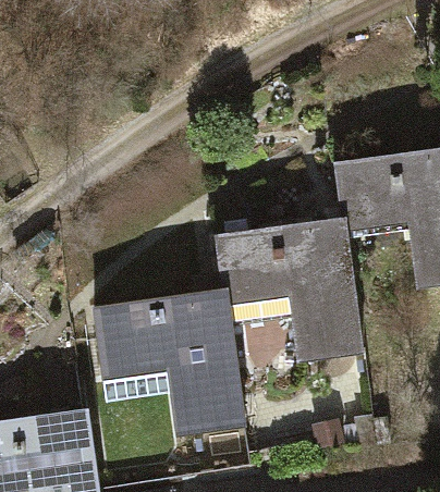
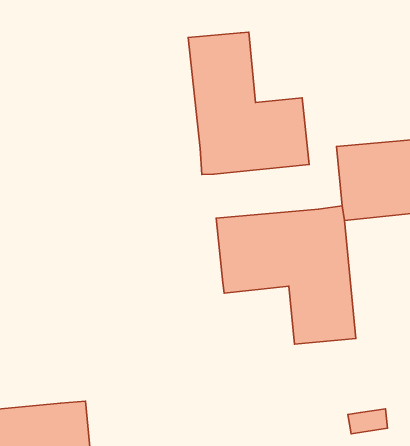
building: none -> [188,32,309,175]
building: [94,297,240,429] -> none

